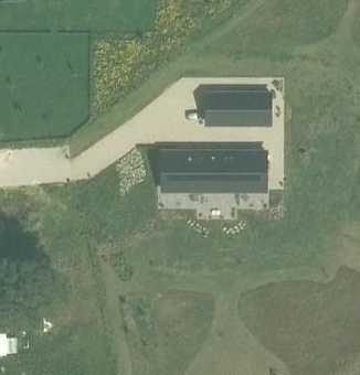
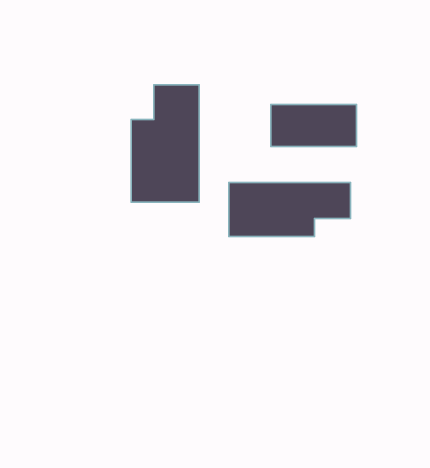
building: none -> [131,85,199,202]

